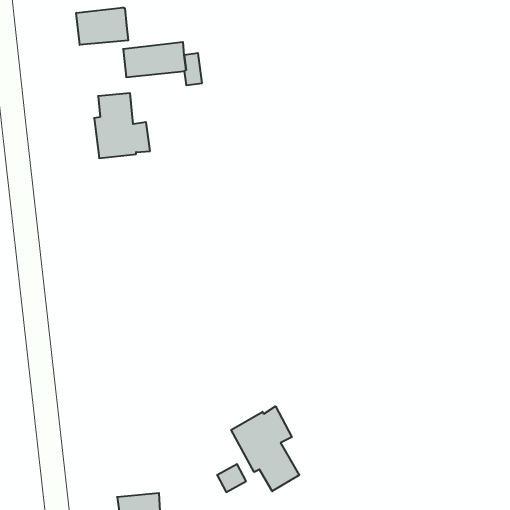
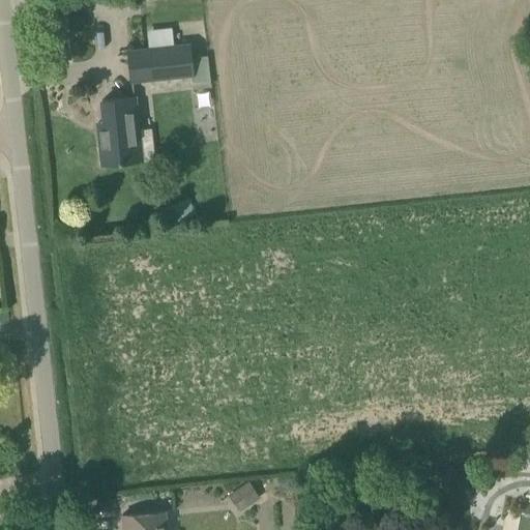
building: [76,7,128,45] -> none
building: [231,406,299,491] -> none

